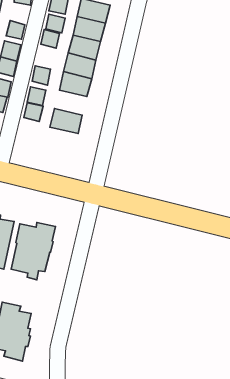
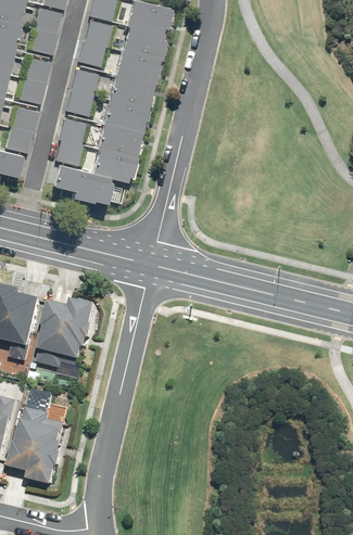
building: none -> [34,7,62,34]
building: none -> [72,68,97,93]
building: none -> [97,122,140,155]
building: none -> [53,164,112,203]

